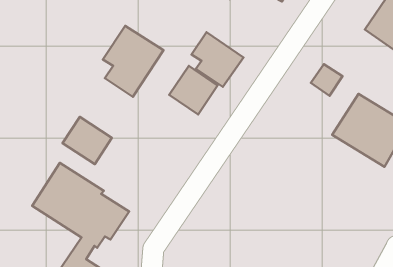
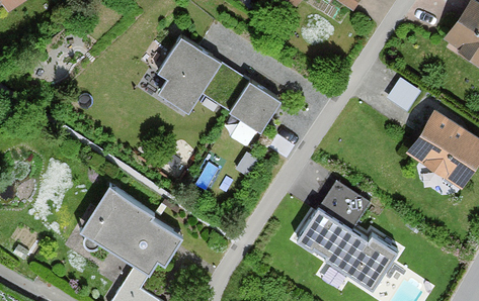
building: [191,32,244,87] -> none
building: [63,117,112,164] -> none
building: none -> [295,179,401,293]

